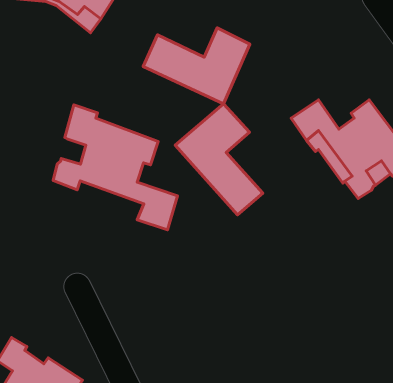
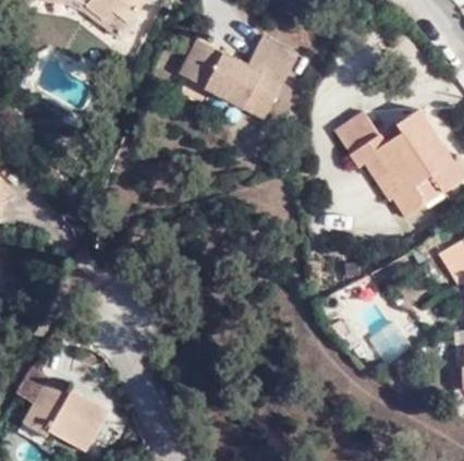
building: [175,104,263,215] -> none
building: [53,105,177,230] -> none

